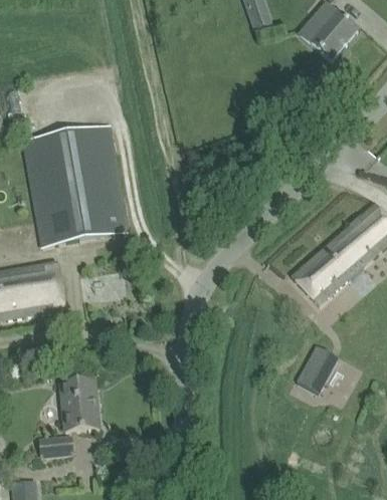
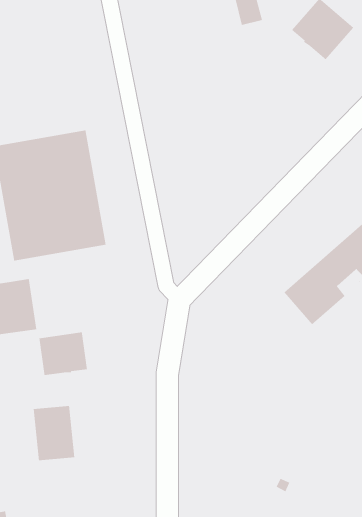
building: none -> [39,332,88,376]
building: [297,345,337,391] -> none
building: [37,436,72,456] -> none

